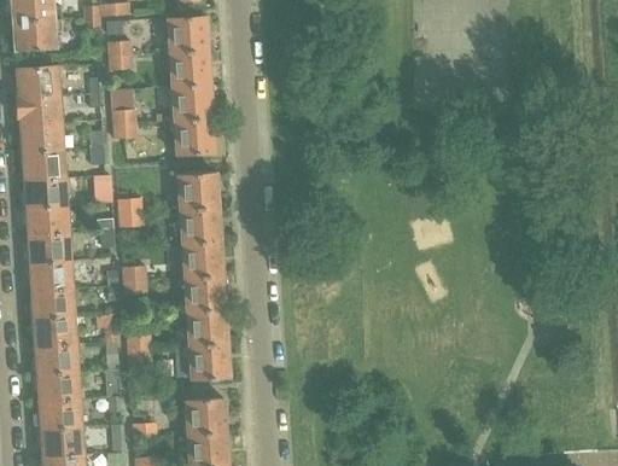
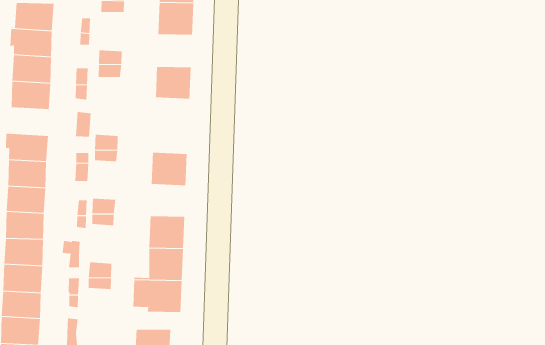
building: [171,83,211,121] -> none
building: [177,170,217,211] -> none
building: [22,179,69,209] -> none
building: [182,243,222,279] -> none

